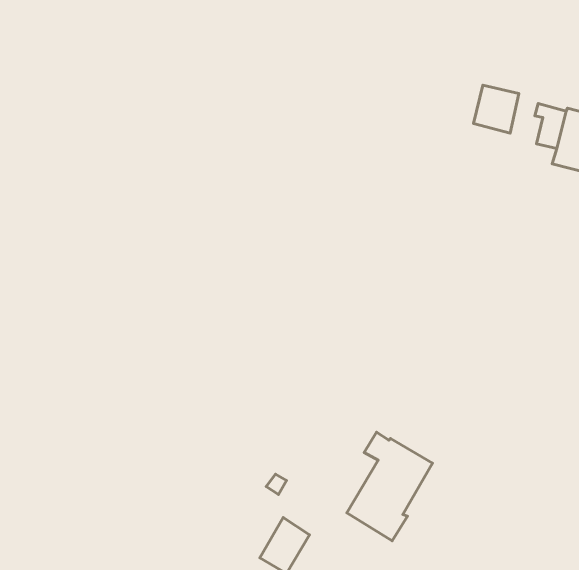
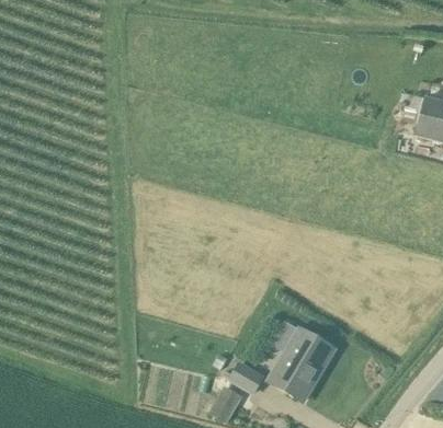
building: [473,85,519,133] -> none
building: none -> [229,361,266,396]

